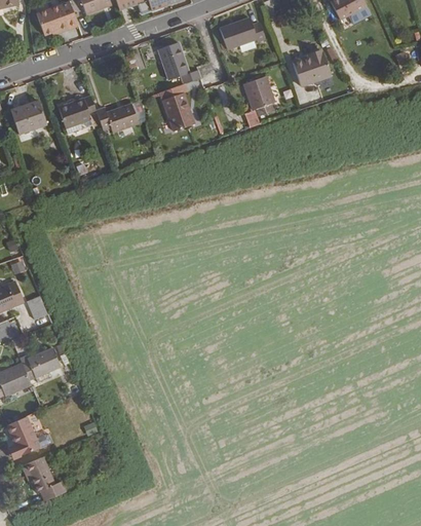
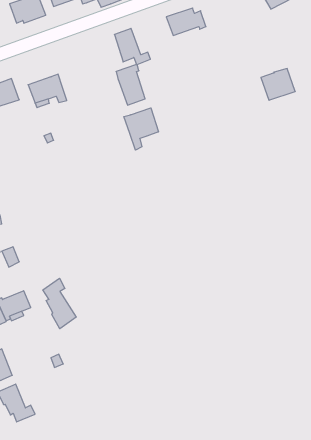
building: [292,49,332,86] -> [261,69,295,100]
building: [243,75,275,116] -> none
building: [98,103,139,132] -> none
building: none -> [124,108,158,150]
building: none -> [43,278,76,329]

